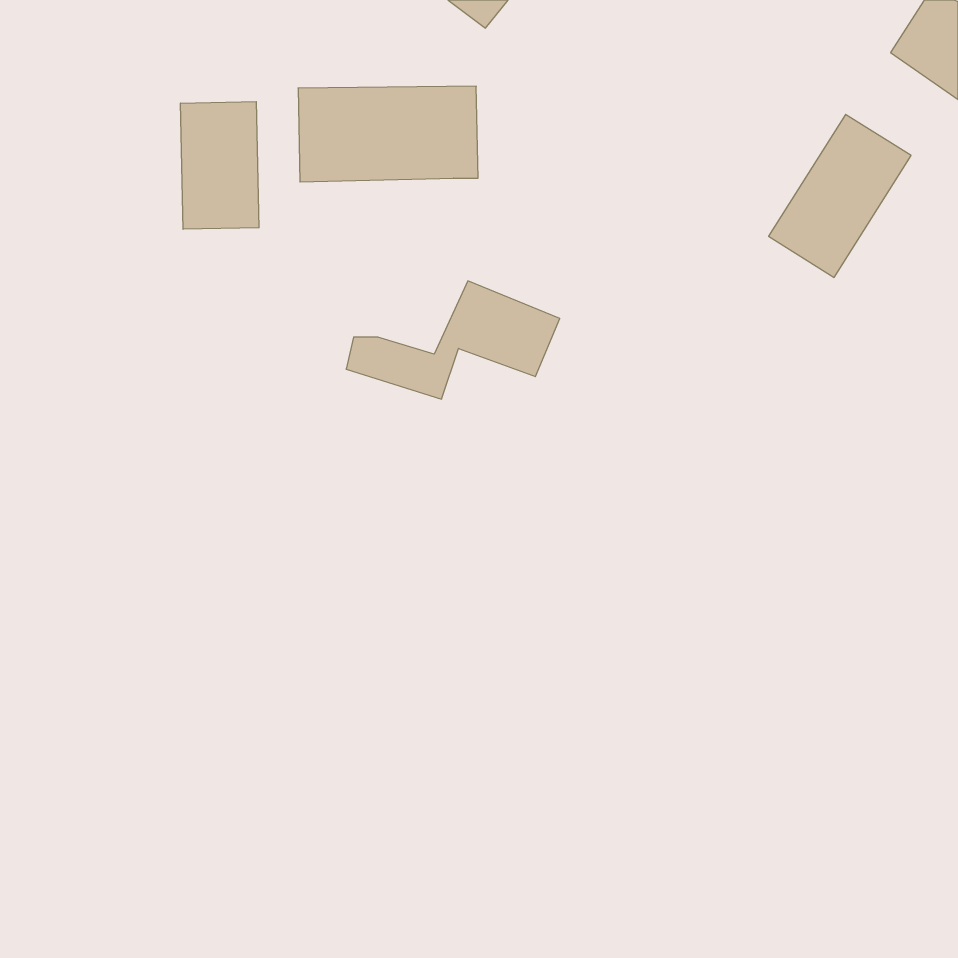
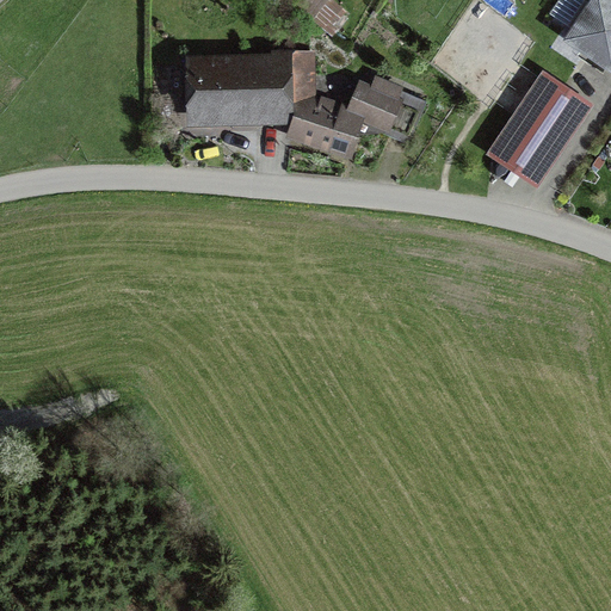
building: [181,102,259,229] -> none
building: [346,281,560,399] -> [284,78,420,153]

